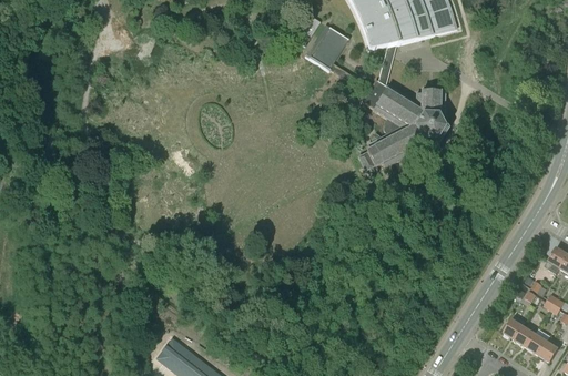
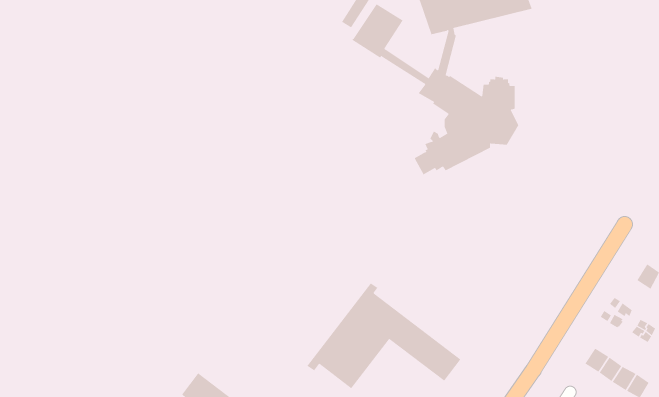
building: none -> [307,283,461,389]

